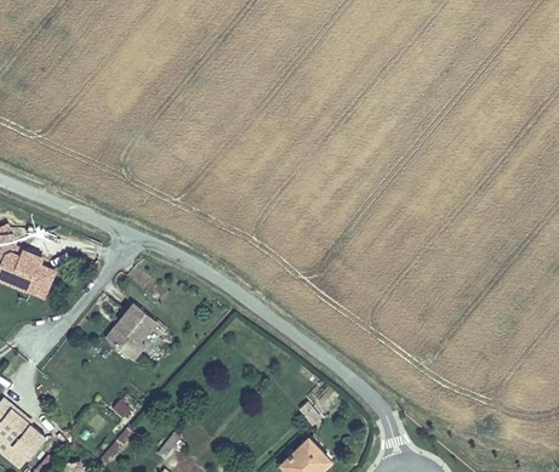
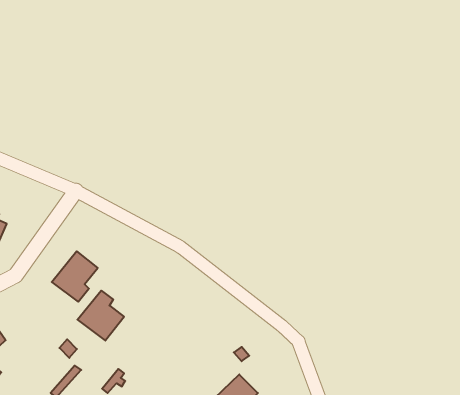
building: none -> [77,291,124,341]

